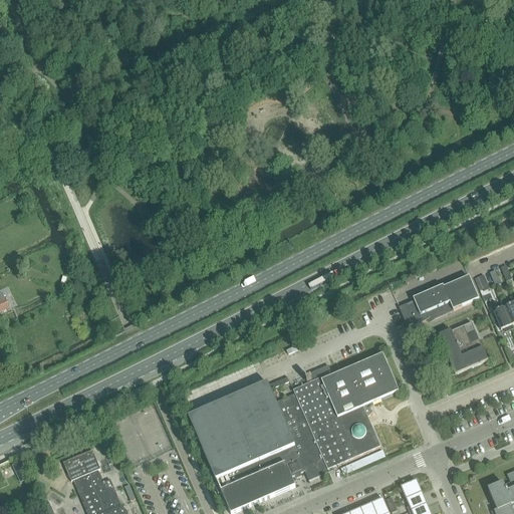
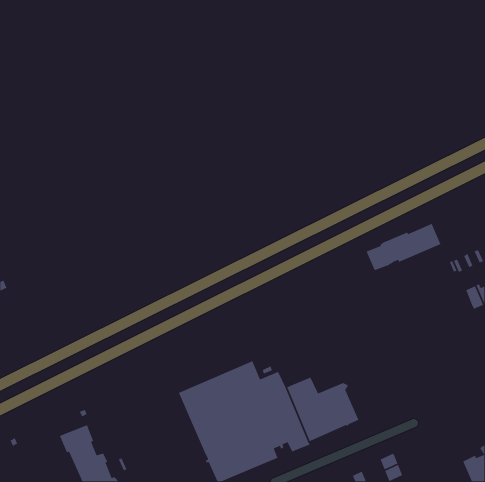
building: [399,274,479,325] -> [366,223,442,271]
building: [438,320,487,372] -> none
building: [293,352,399,415] -> none

